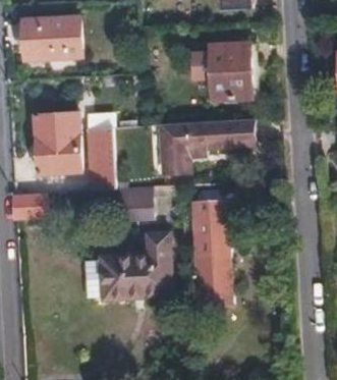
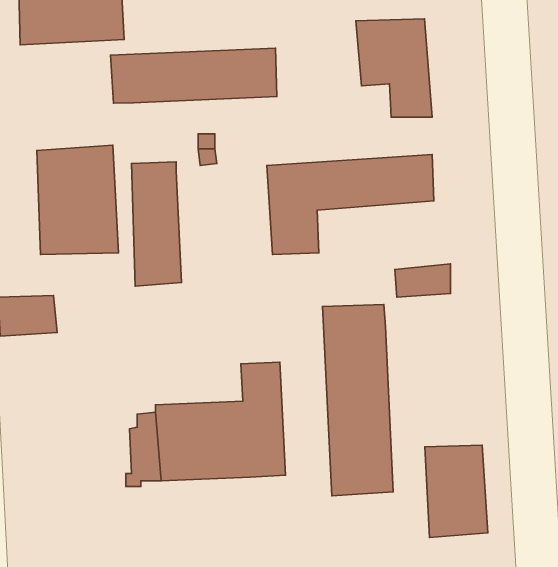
building: none -> [111,48,277,103]
building: [119,186,152,219] -> none
building: none -> [425,445,488,538]

